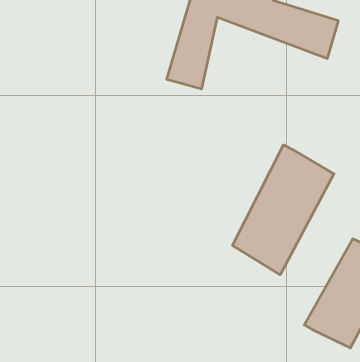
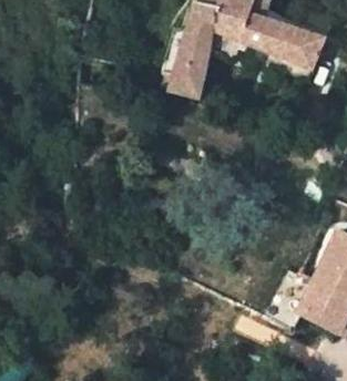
building: [233,145,334,275] -> none

